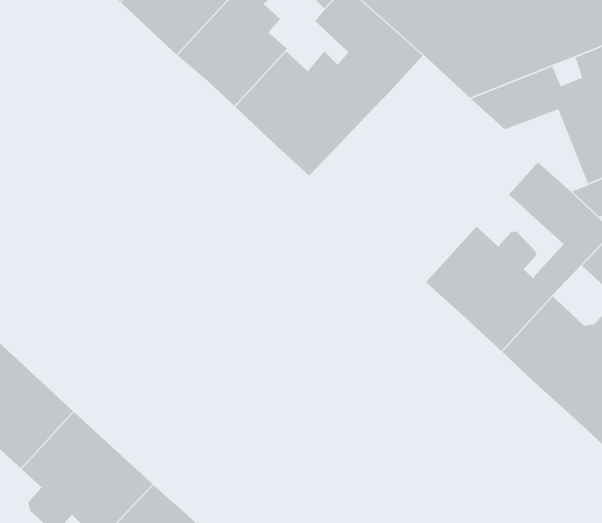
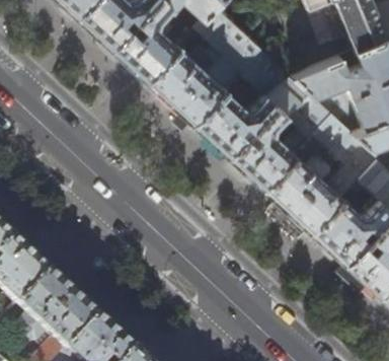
building: none -> [192,50,332,189]

